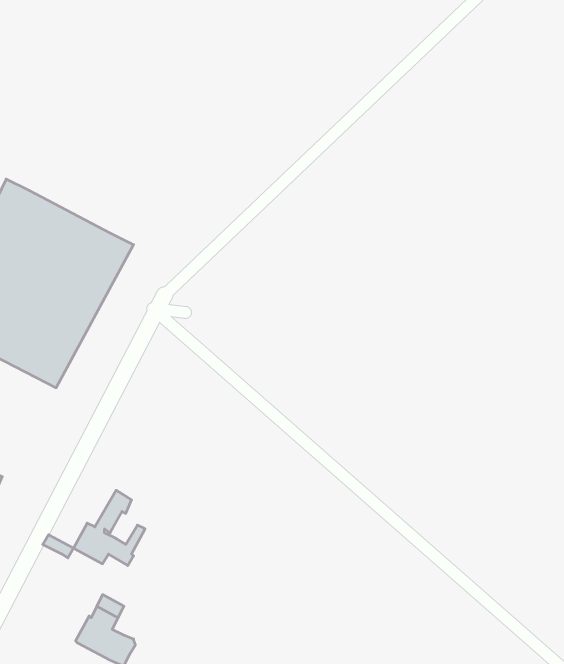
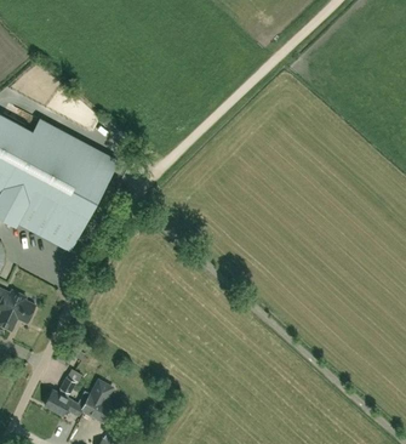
building: [74,490,145,566] -> [45,370,90,417]

